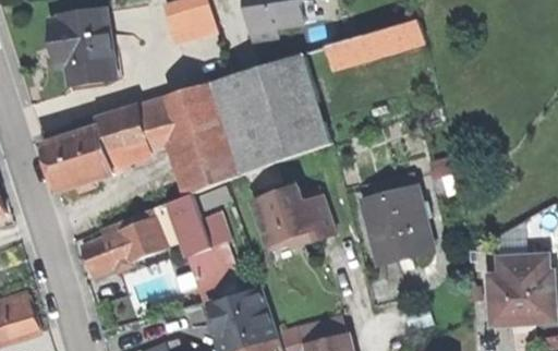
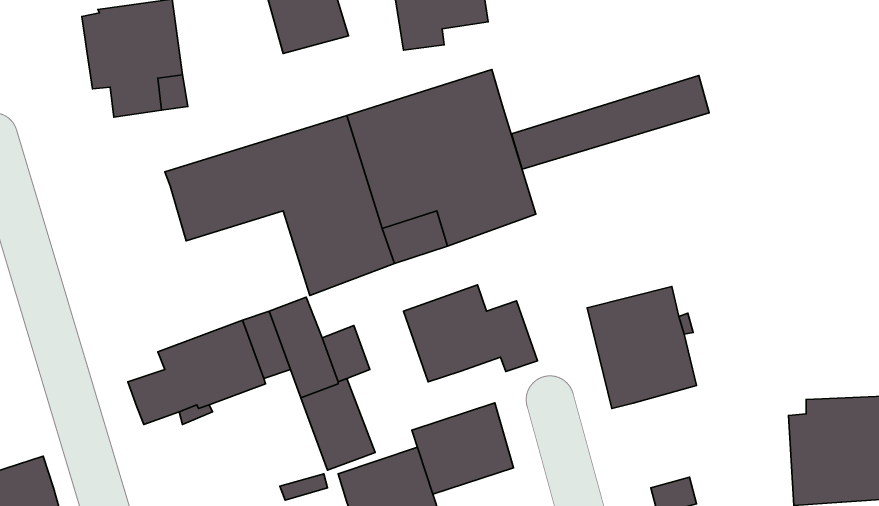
building: [304,16,426,74] -> [511,76,709,169]
building: [47,124,120,191] -> none
building: none -> [412,403,514,494]

